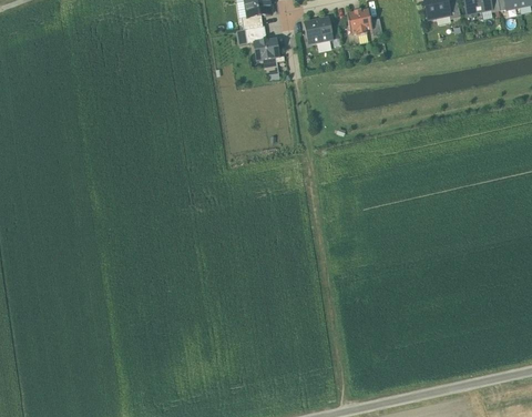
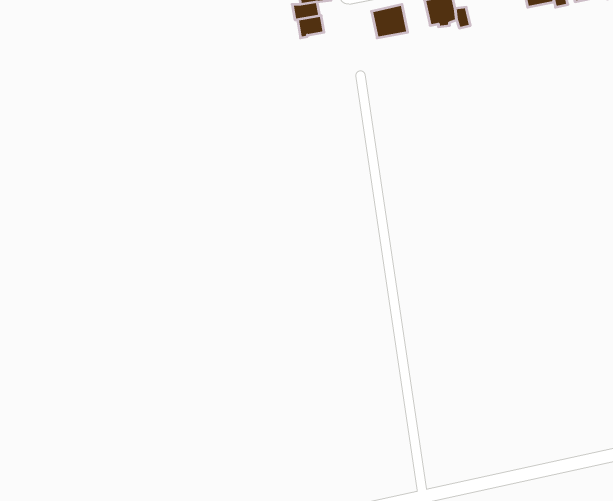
building: [253,37,279,60] -> none

